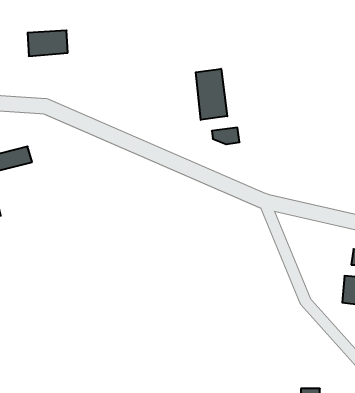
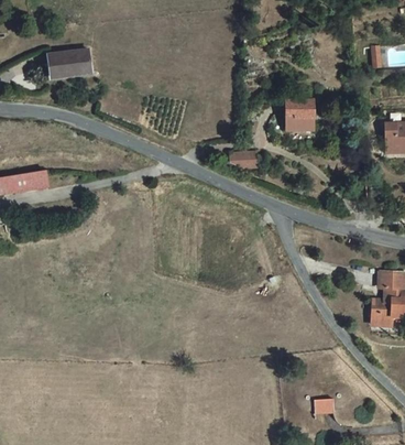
building: [196,69,227,120] -> none
building: none -> [283,95,316,127]

